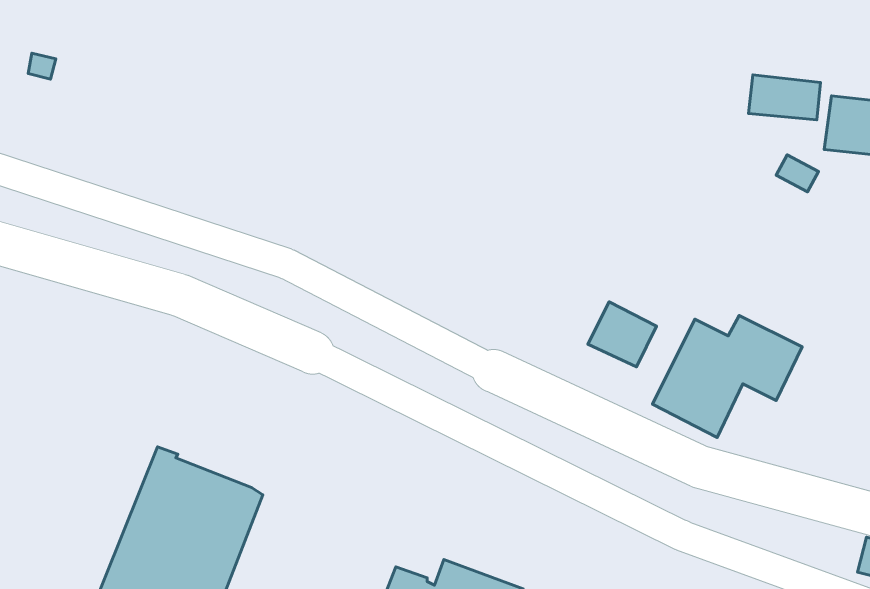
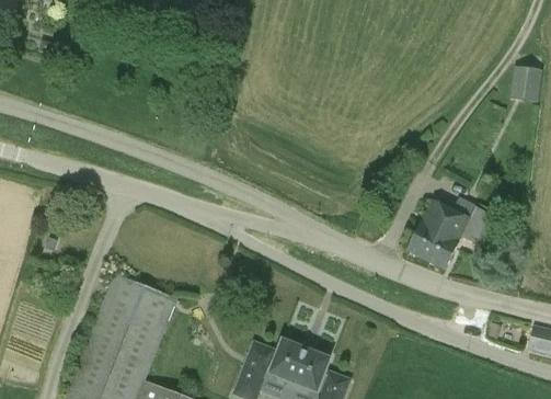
building: [748,75,821,120] -> none
building: [588,302,657,367] -> none

